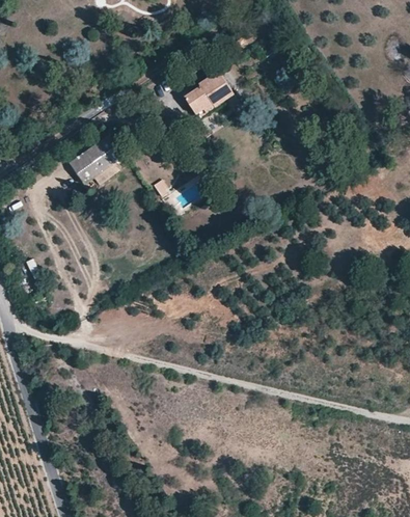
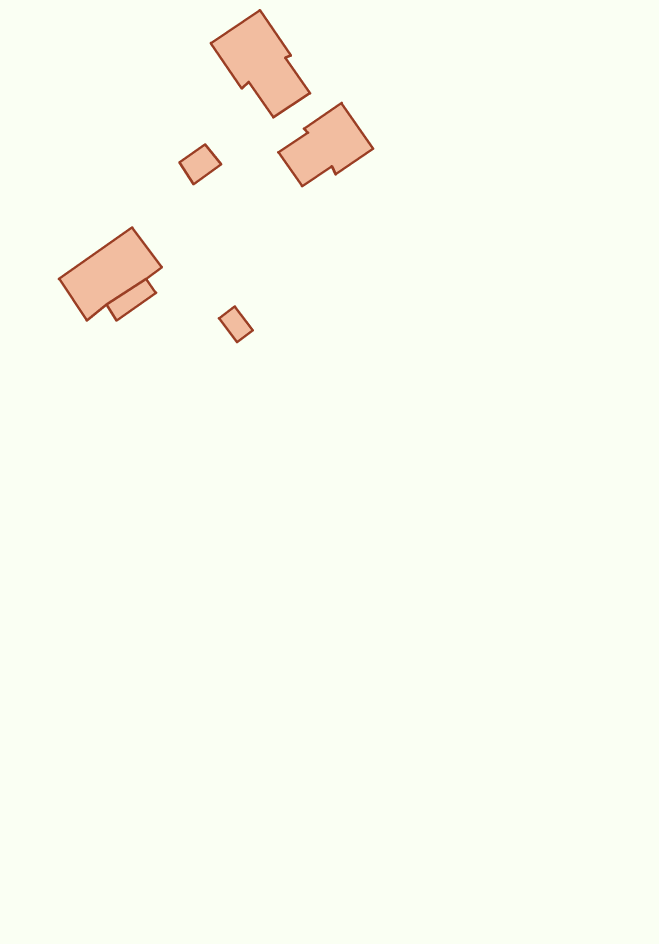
building: none -> [211,10,310,117]

